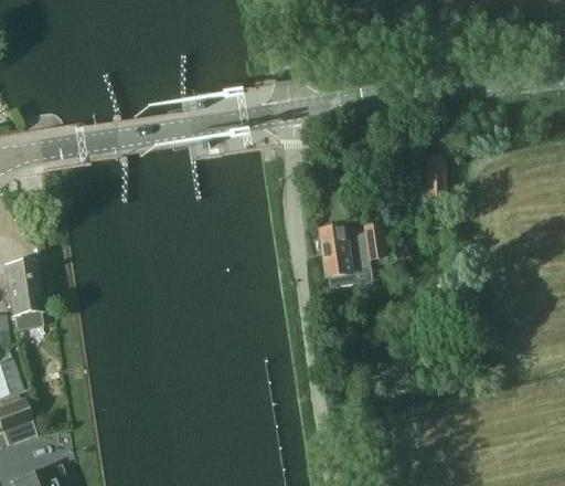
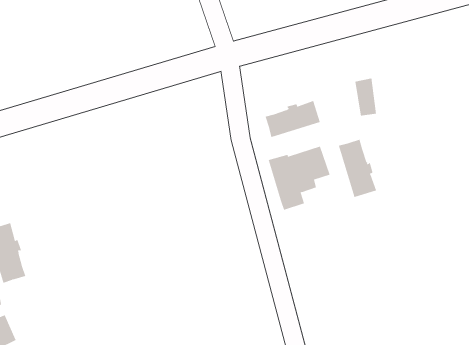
building: none -> [265,100,320,138]
building: none -> [338,139,377,198]

